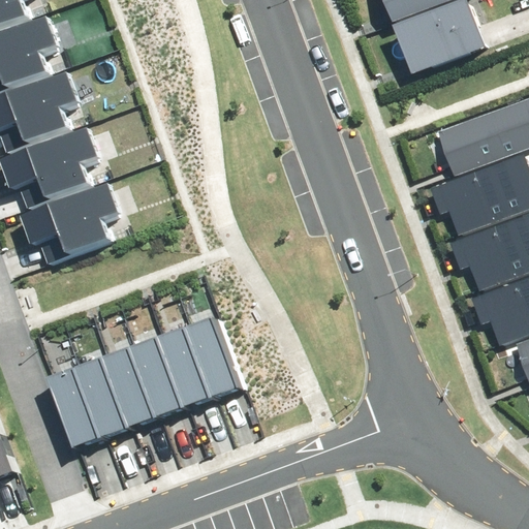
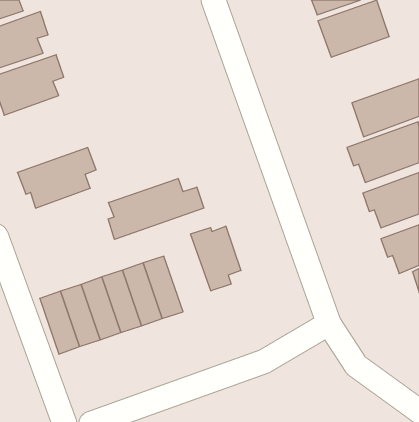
building: [5,130,102,206] -> none
building: none -> [108,178,204,239]
building: none -> [191,226,241,291]

